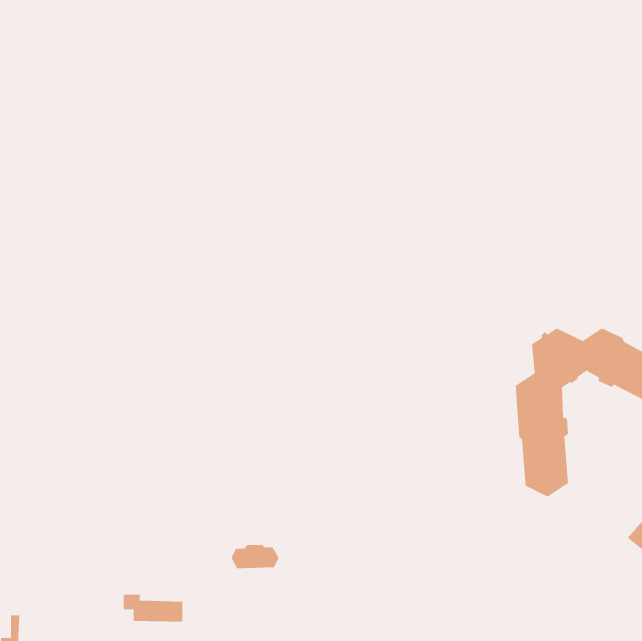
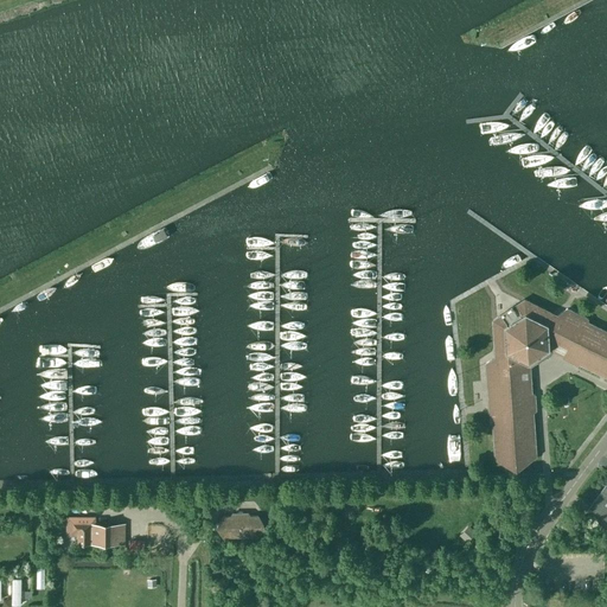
building: [123,594,183,623] -> [69,518,126,545]

